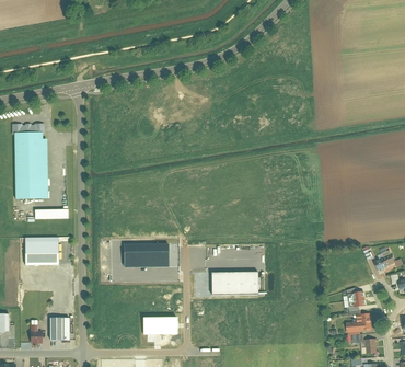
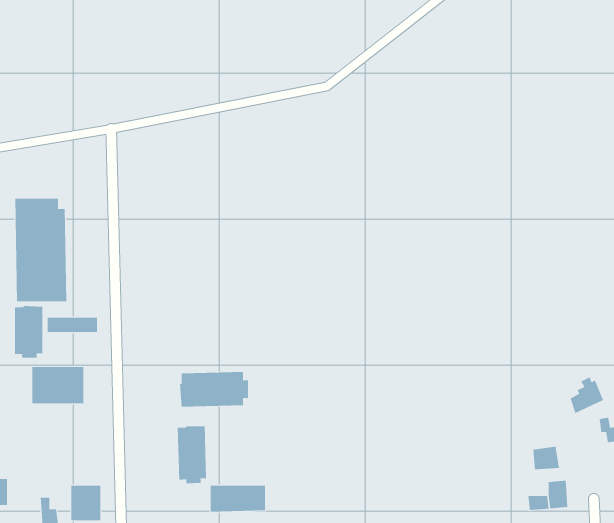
building: none -> [15,305,43,359]
building: [209,272,258,294] -> none
building: none -> [177,425,207,484]

